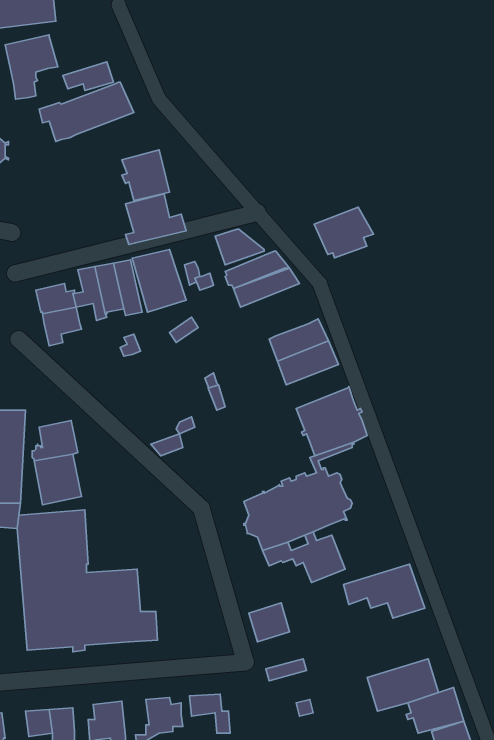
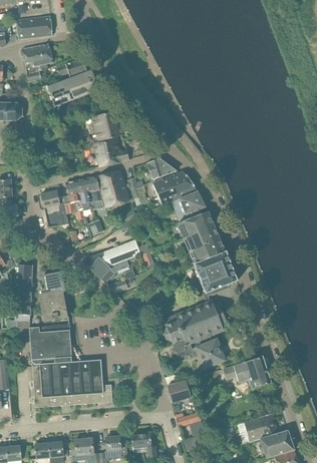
building: [314,207,374,258] -> [171,190,206,220]
building: none -> [189,238,225,264]
building: none -> [84,240,140,282]

